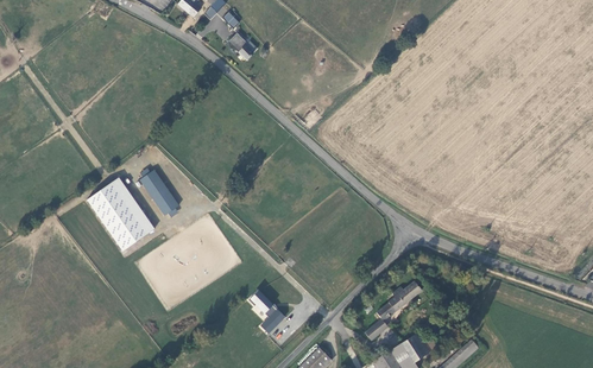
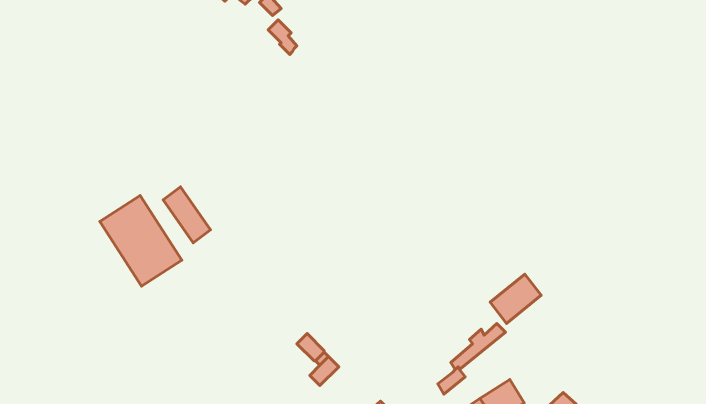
building: none -> [490,274,541,323]

